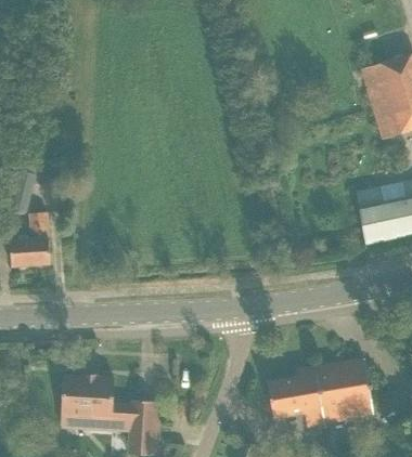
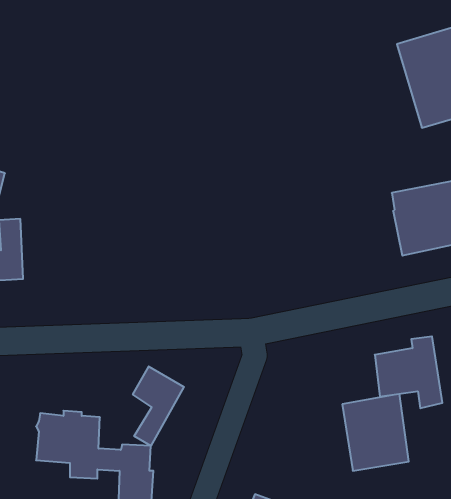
building: none -> [133,366,184,446]
building: [268,367,324,427] -> [375,336,442,408]

